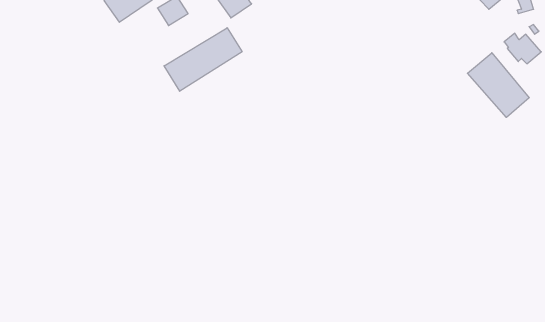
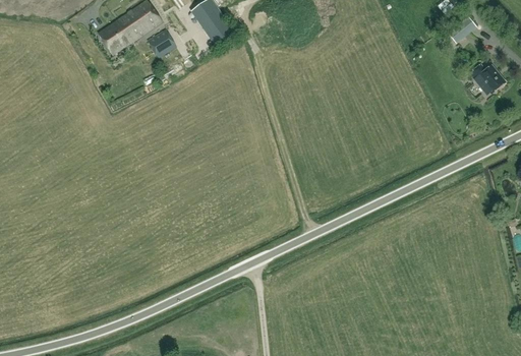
building: [164,28,242,91] -> none
building: [467,53,529,117] -> none

